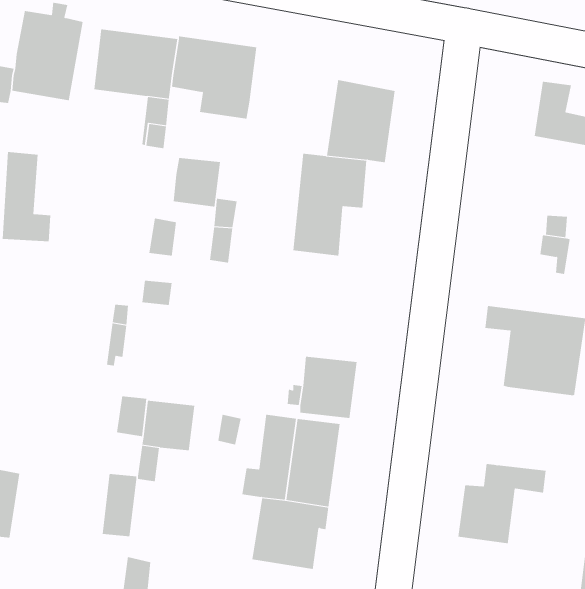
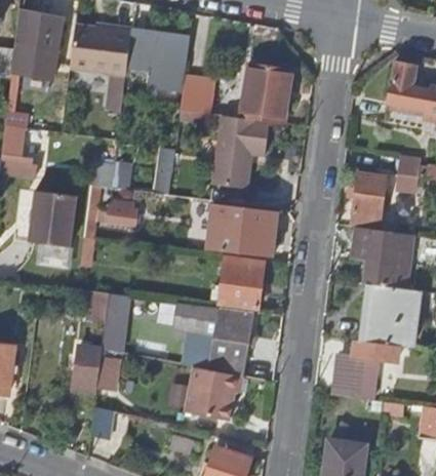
building: [173,158,221,207] -> [180,78,214,114]
building: none -> [352,172,385,226]
building: none -> [12,190,75,247]
building: none -> [201,202,276,259]
building: none -> [363,285,419,348]

